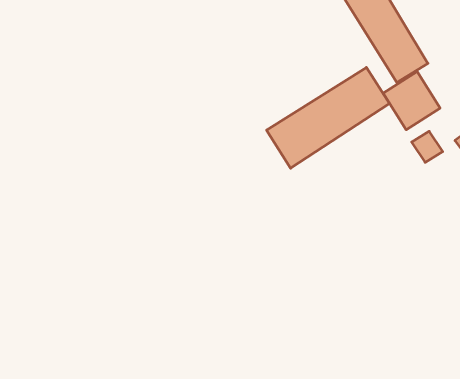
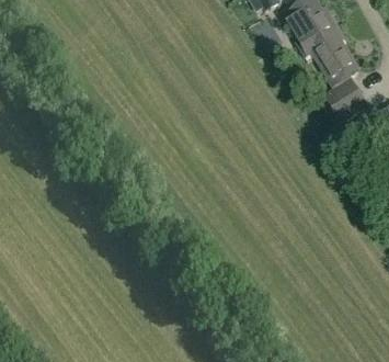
building: [267,67,390,168] -> none

